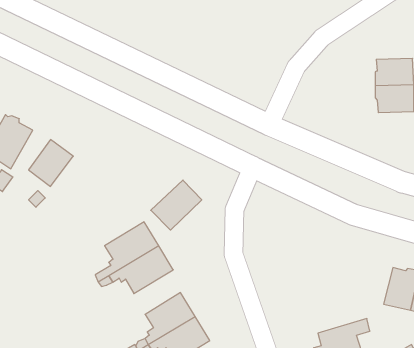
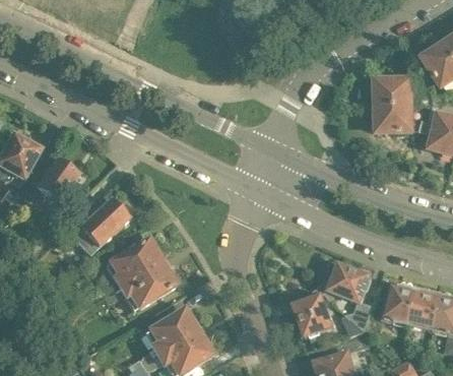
building: [151,180,202,230] -> [79,197,129,246]
building: none -> [328,260,373,330]
building: none -> [294,295,333,337]

